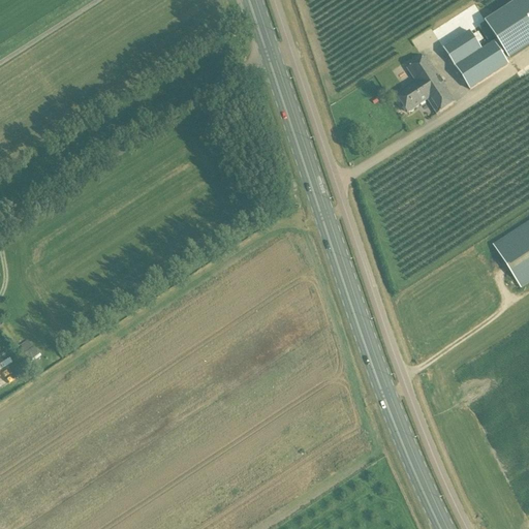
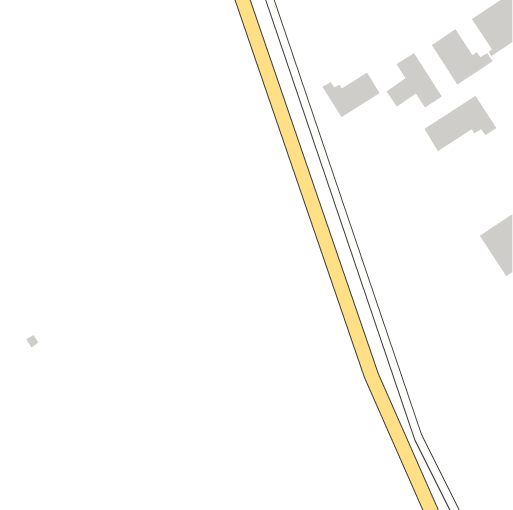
building: none -> [322,71,380,118]
building: none -> [424,95,497,152]

